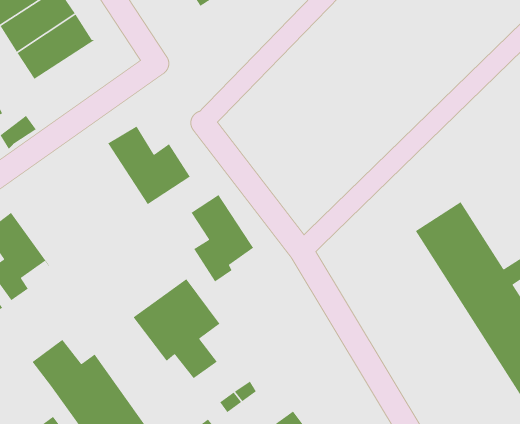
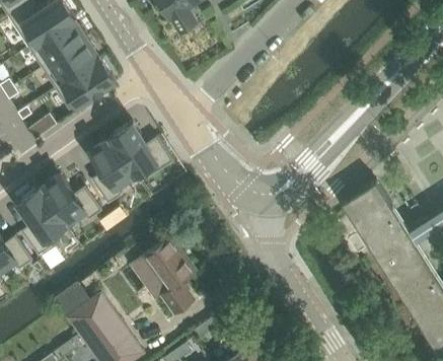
building: none -> [56,60,116,112]
building: [191,192,258,283] -> [90,137,141,205]
building: none -> [39,175,102,229]

